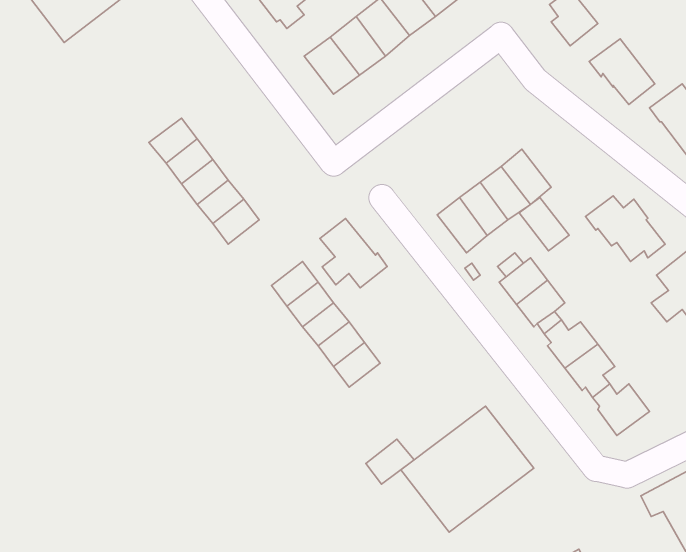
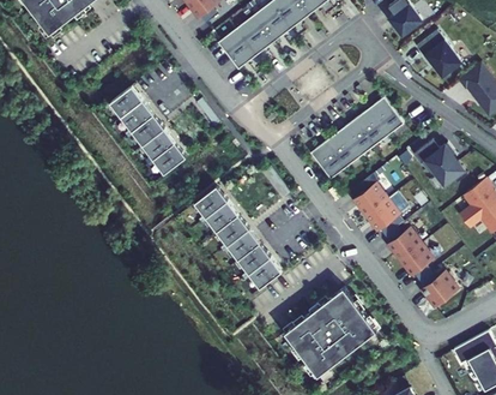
building: [519,197,569,251] -> [369,97,404,134]
building: [320,218,387,288] -> none
building: [366,439,414,484] -> [249,257,283,288]

